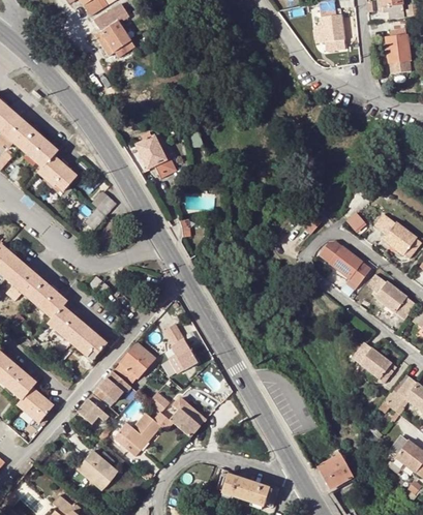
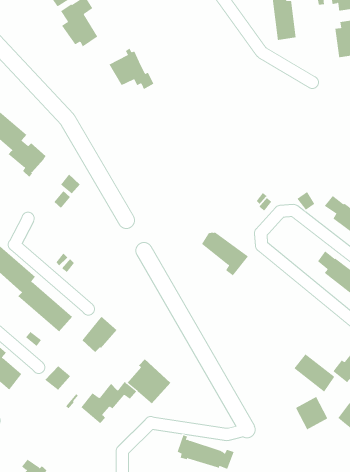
building: [125,131,174,176] -> [109,48,154,90]
building: [319,242,369,289] -> [201,232,249,276]
building: [163,322,197,368] -> none
building: [351,341,395,383] -> [293,353,335,392]
building: [93,369,132,400] -> none
building: [77,450,117,489] -> none
building: [316,453,352,489] -> [295,396,328,430]

